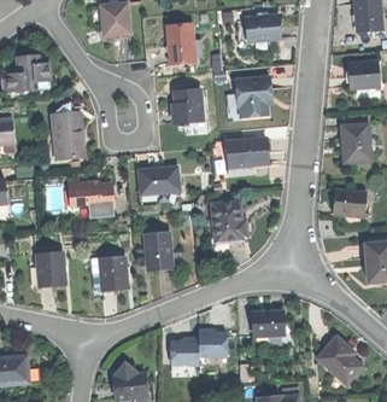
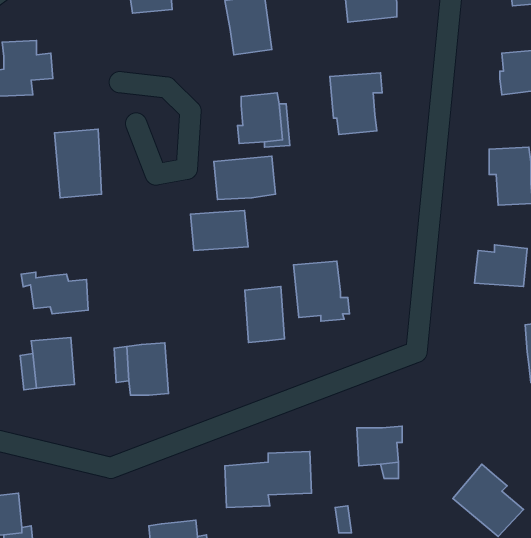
building: [225,136,266,165] -> [214,156,275,200]
building: [68,180,112,208] -> [21,272,88,314]
building: [143,232,170,269] -> [245,286,285,343]

